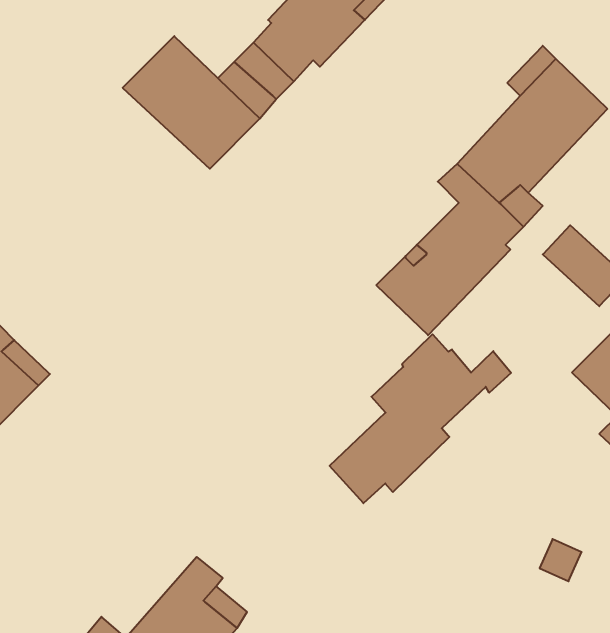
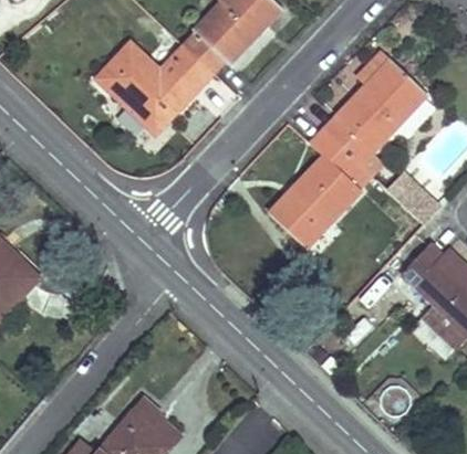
building: [330,334,511,503] -> none

